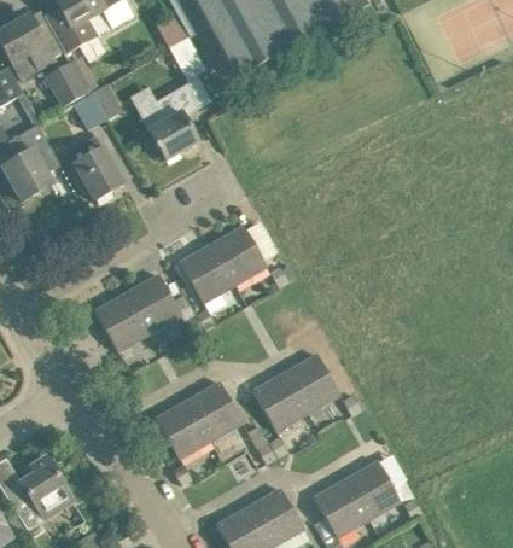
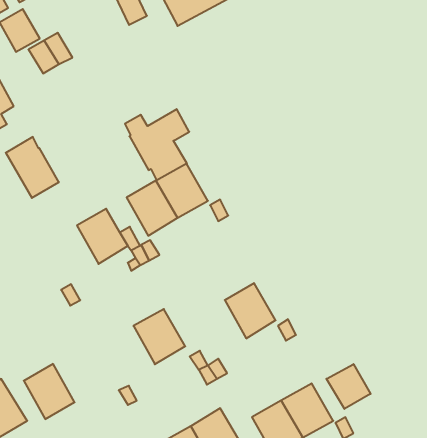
building: [132,83,200,159] -> [125,109,189,180]
building: [66,135,123,200] -> [6,137,59,198]
building: [94,292,150,351] -> none
building: [252,372,308,431] -> none
building: [156,400,210,459] -> [24,364,75,419]
building: none -> [326,364,371,409]

